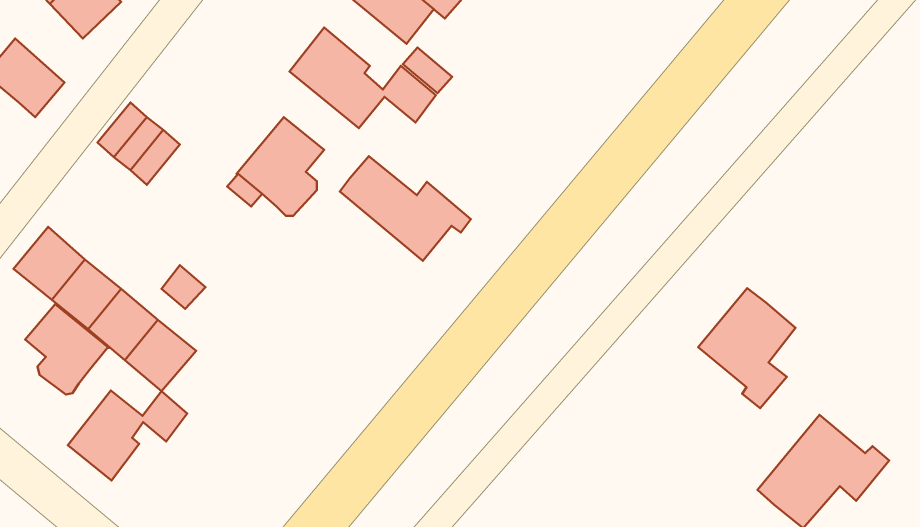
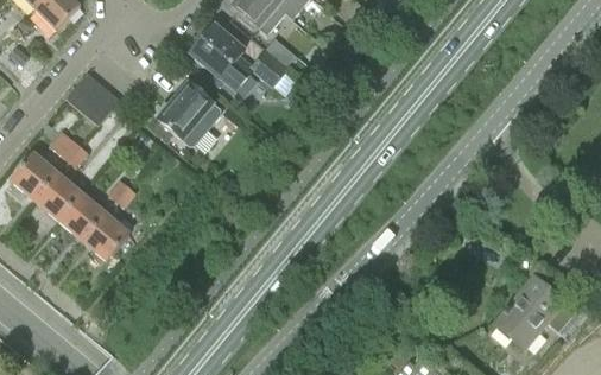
building: [340,156,471,261] -> none
building: none -> [48,131,88,169]
building: [698,288,796,408] -> none
building: [25,304,109,394] -> none
building: [68,391,187,481] -> none

